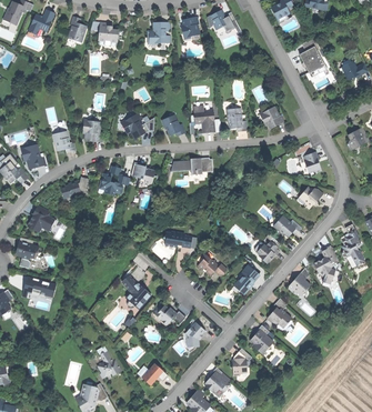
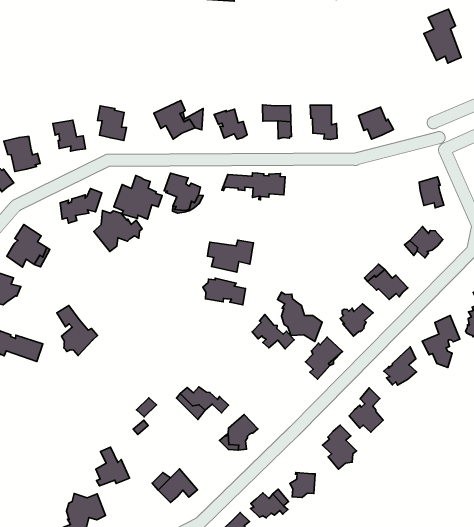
building: none -> [94,210,142,252]
building: none -> [207,240,253,272]
building: none -> [278,292,322,342]
building: [122,275,151,309] -> [57,306,98,355]

